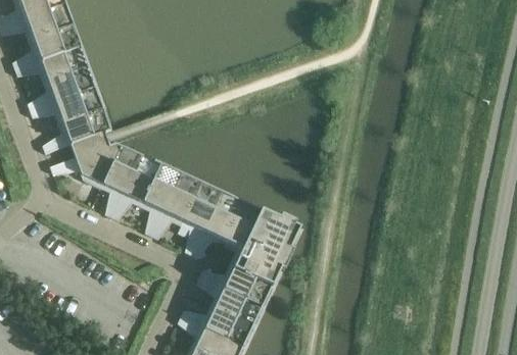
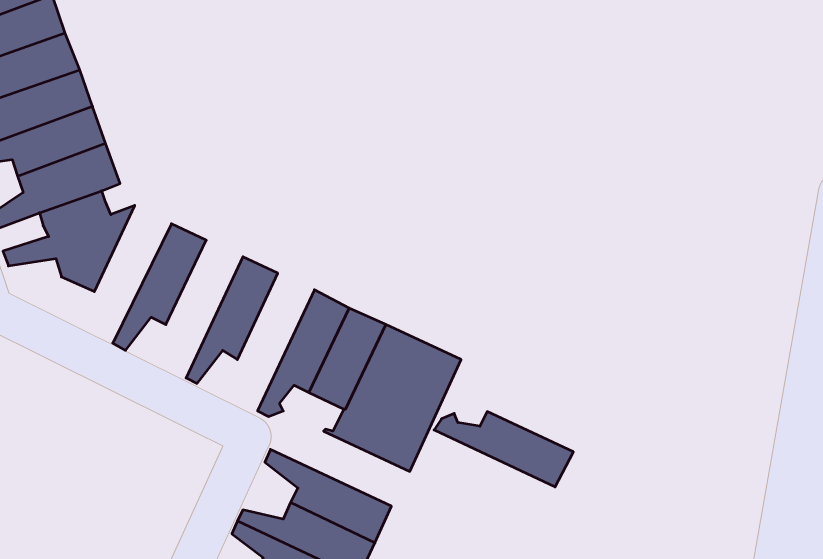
building: [99,141,142,217] -> none
building: [139,160,182,237] -> none
building: [179,179,222,255] -> none
building: [197,266,275,308] -> [434,412,573,487]

